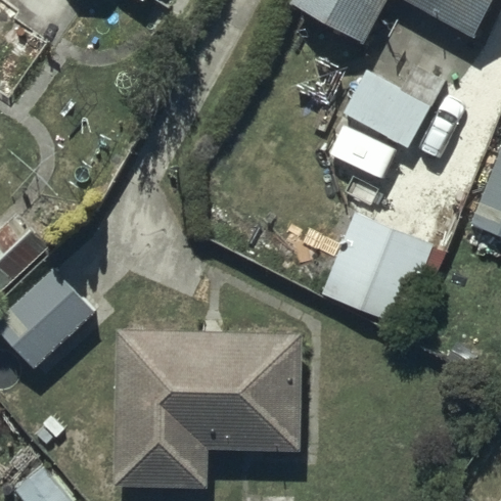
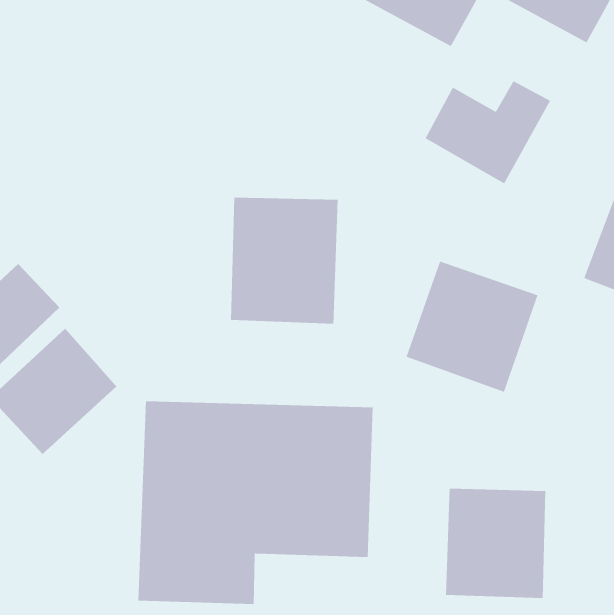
building: none -> [230,197,338,324]
building: none -> [445,488,546,599]

